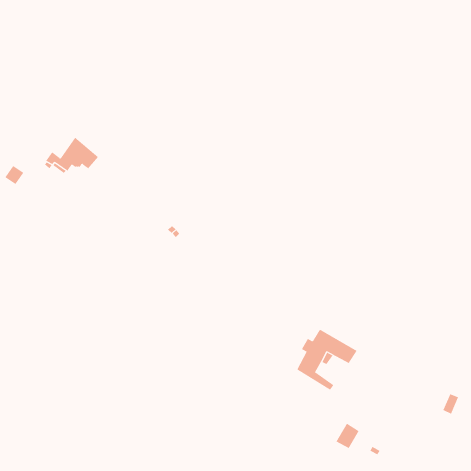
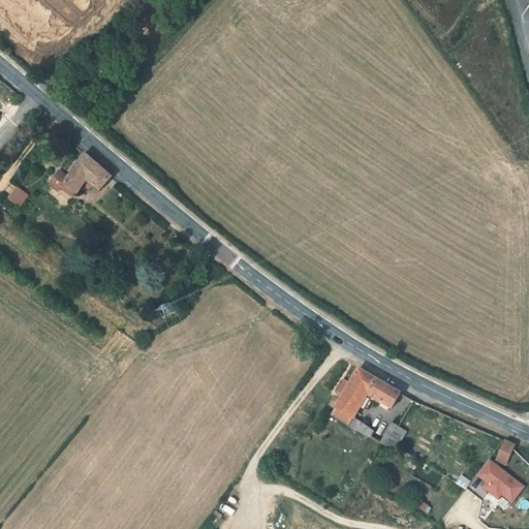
building: none -> [473,458,523,502]
building: [335,423,359,449] -> [378,422,405,450]

